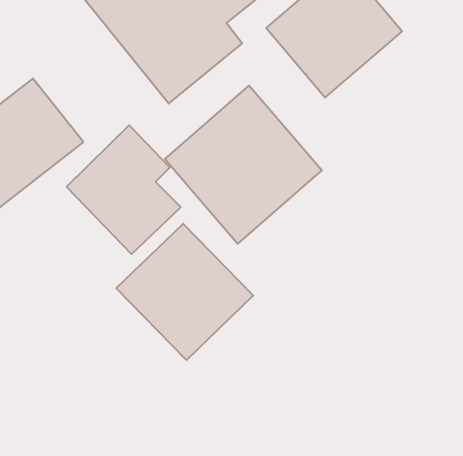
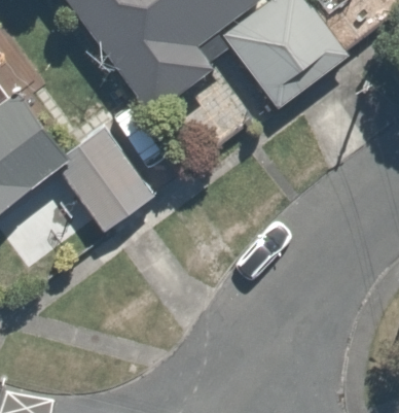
building: [165,86,322,244] -> none
building: [116,224,253,360] -> none

